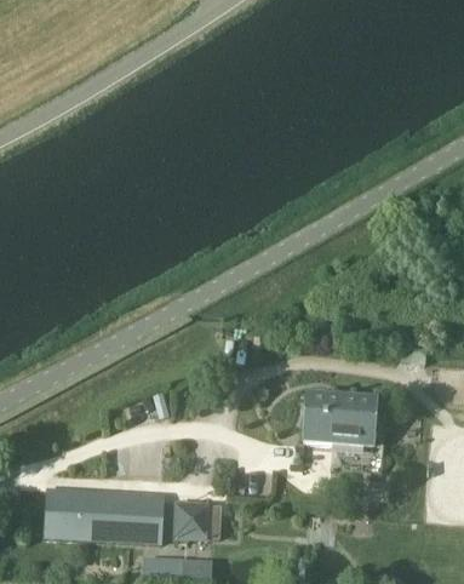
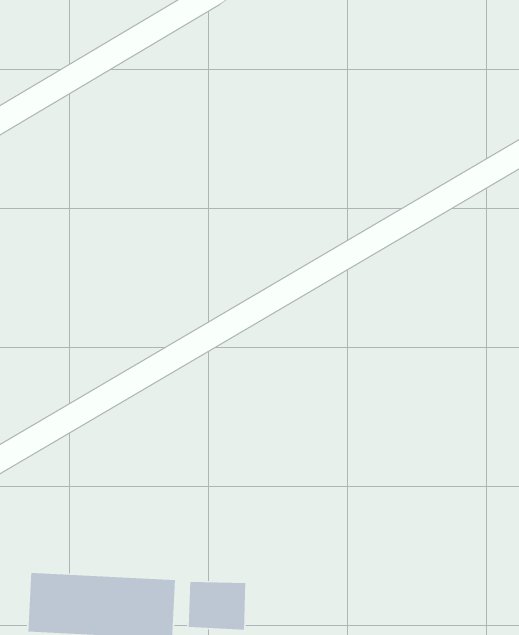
building: [304,391,384,462] -> none

